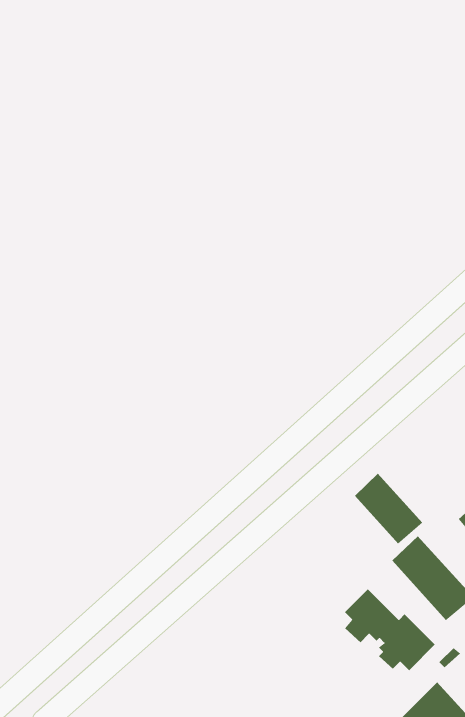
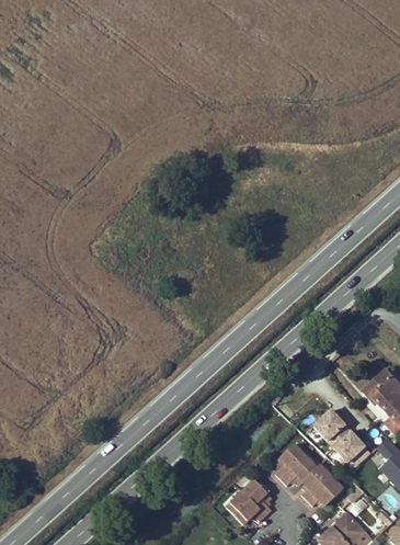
building: [354,473,423,544] -> none
building: none -> [226,478,274,525]

